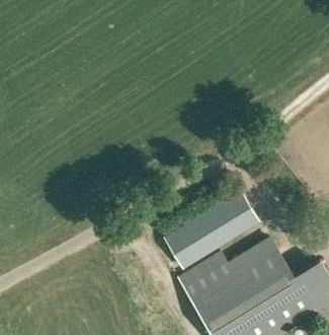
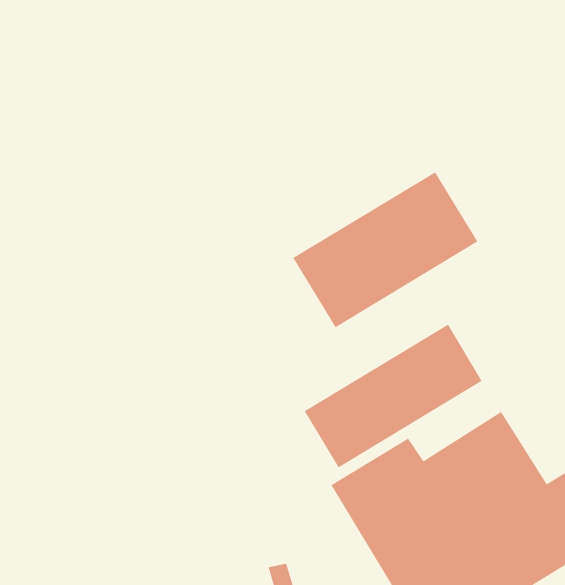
building: none -> [292,171,478,328]

